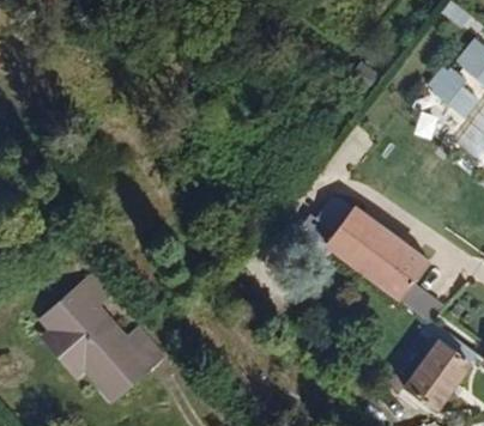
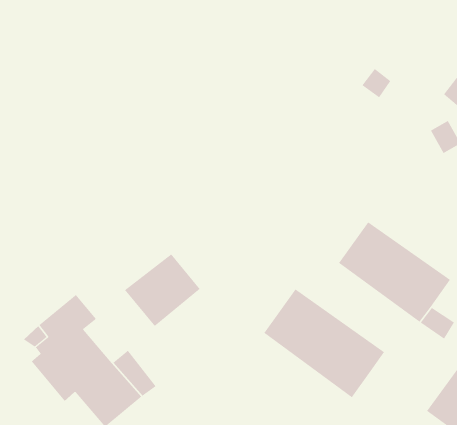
building: none -> [124,253,200,327]
building: none -> [263,288,385,398]

